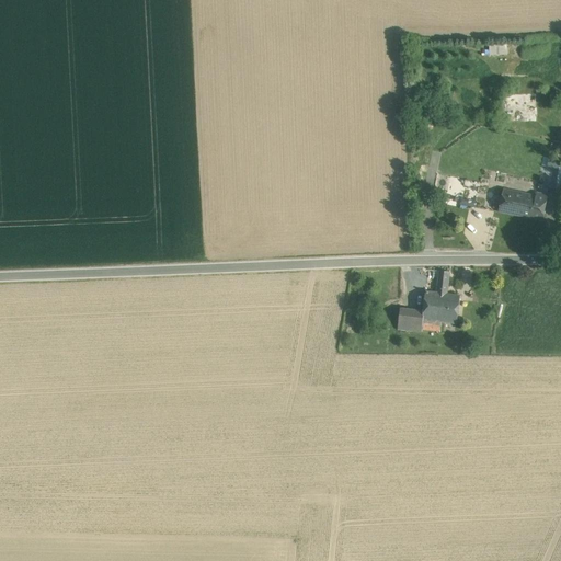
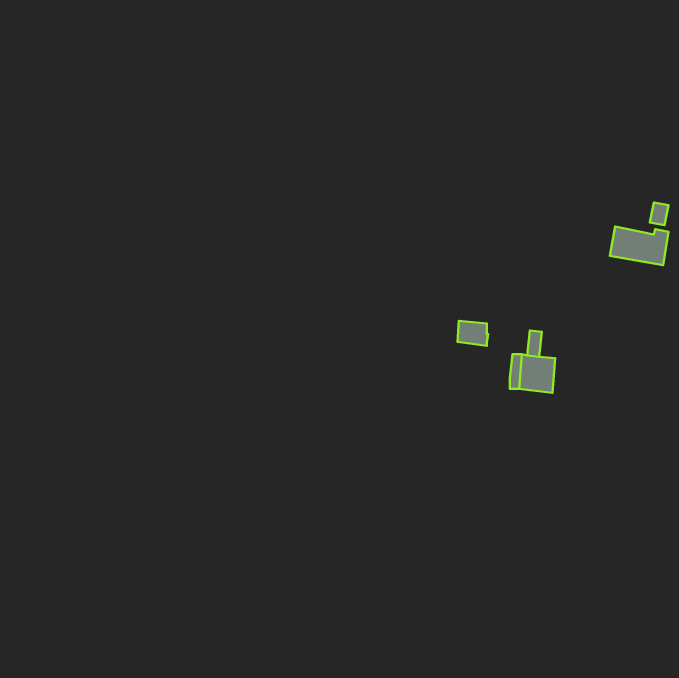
building: [396,309,421,330] -> [457,321,488,346]

